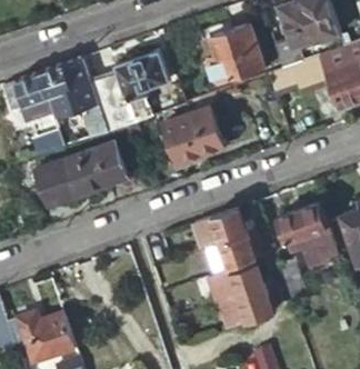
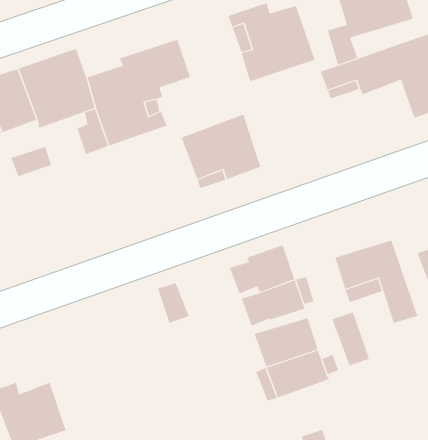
building: [33,142,127,207] -> none

